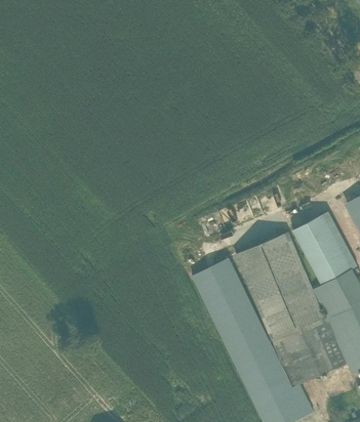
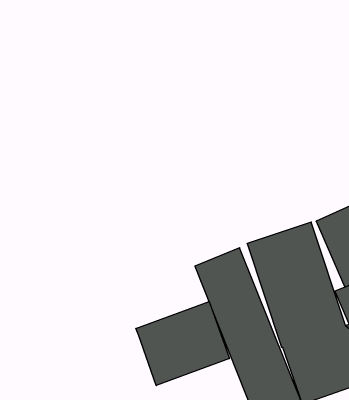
building: none -> [136,302,229,386]

